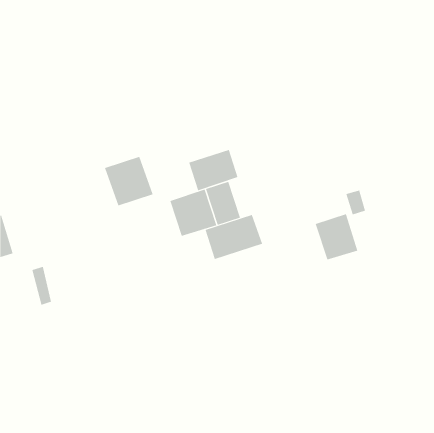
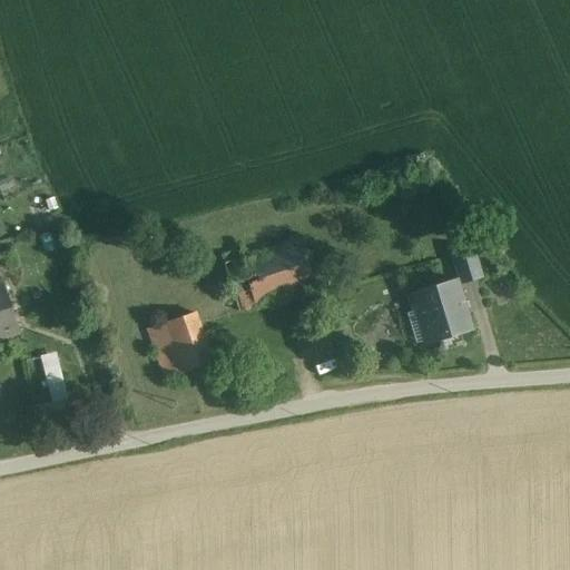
building: [188,149,238,191] -> none
building: [104,156,154,206] -> [146,312,210,377]
building: [205,214,263,260] -> none

